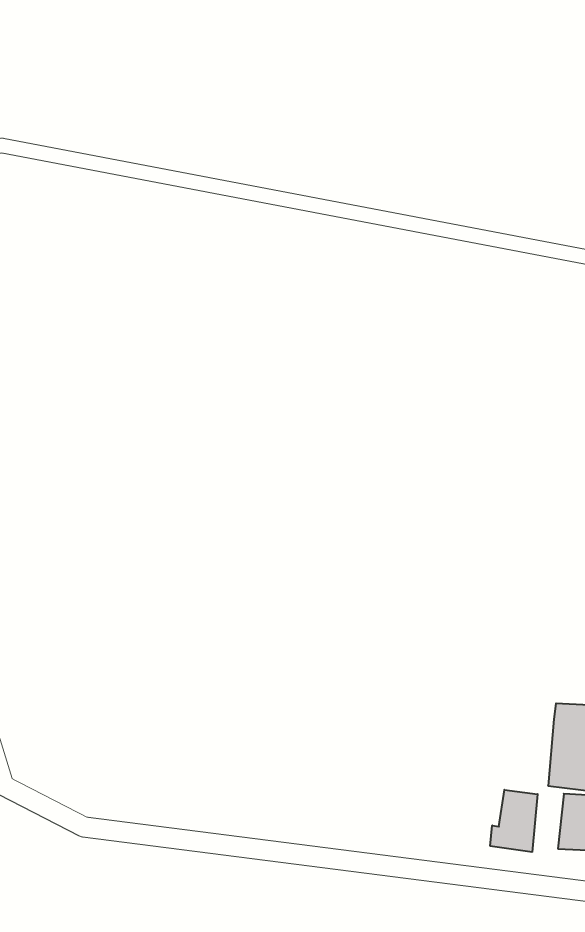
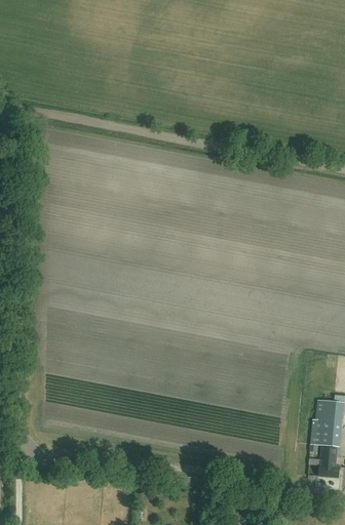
building: [490,790,538,852] -> none

